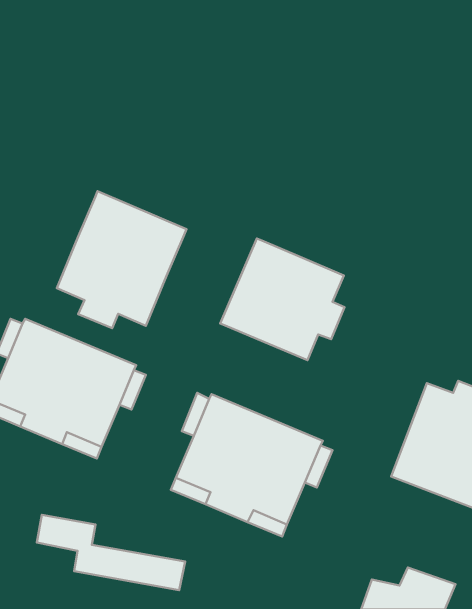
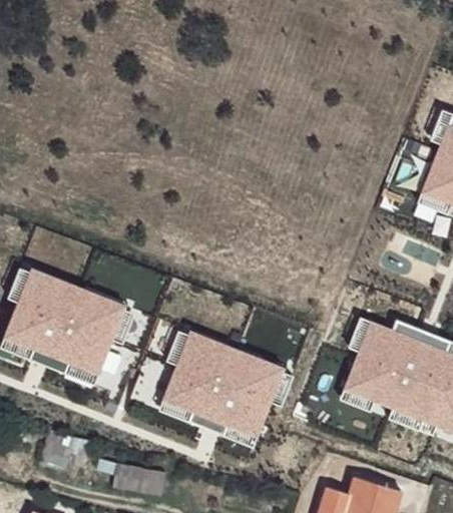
building: [57,191,186,328] -> none
building: [220,239,345,360] -> none

